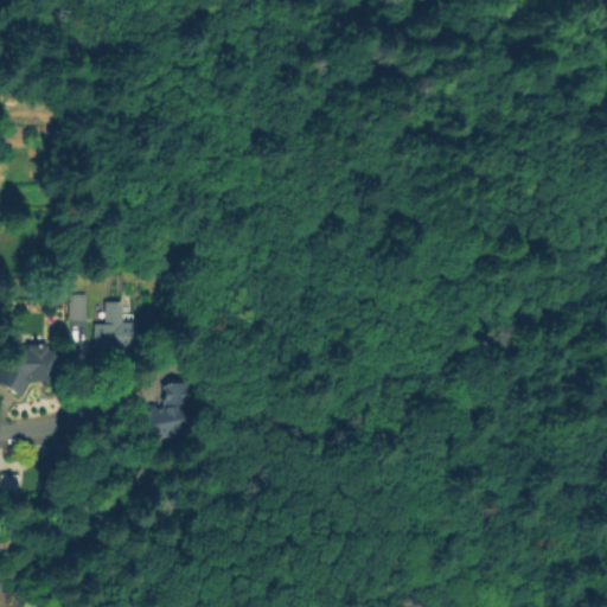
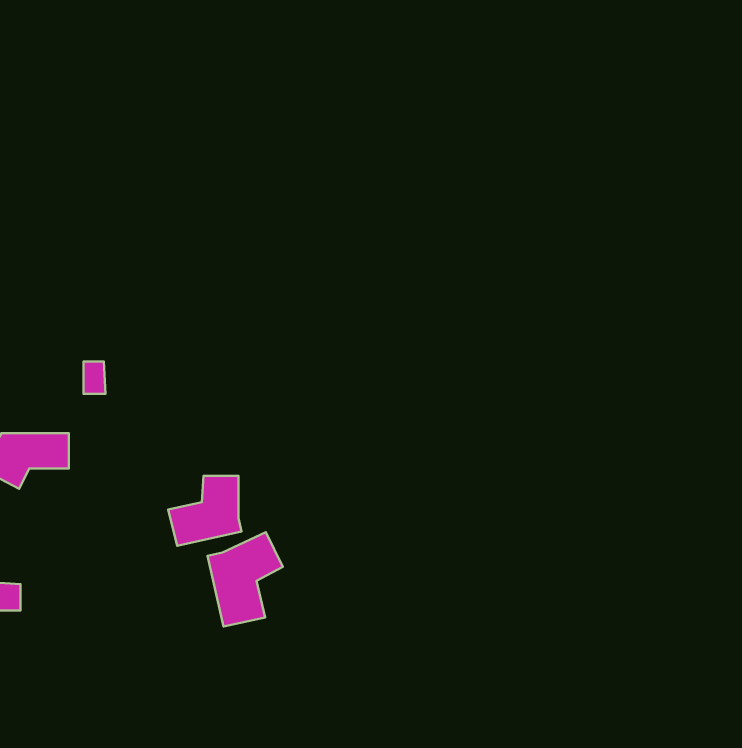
building: [92,300,134,349] -> none
building: none -> [208,532,283,627]

